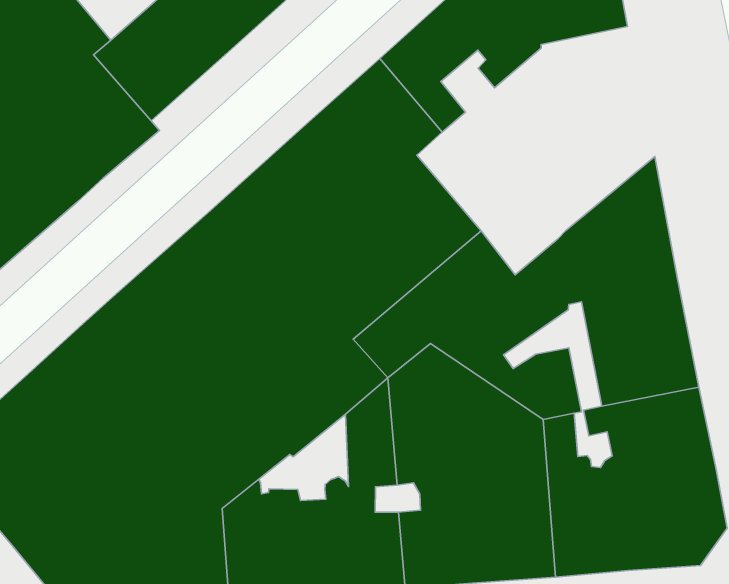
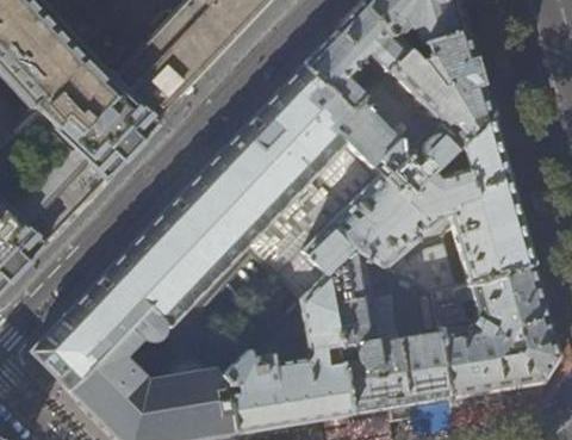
building: none -> [332,32,490,203]

